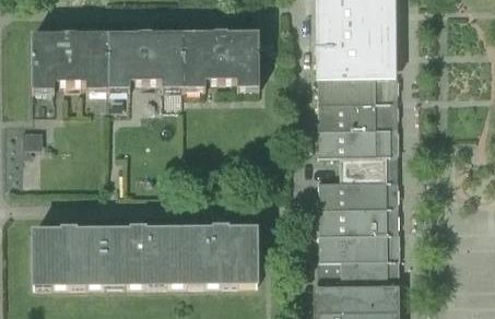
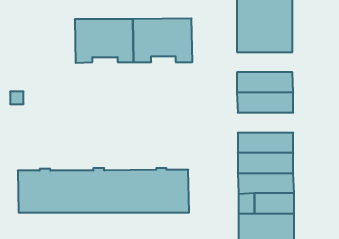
building: [33,32,110,88] -> none
building: [320,74,392,101] -> none
building: [342,153,393,179] -> none

